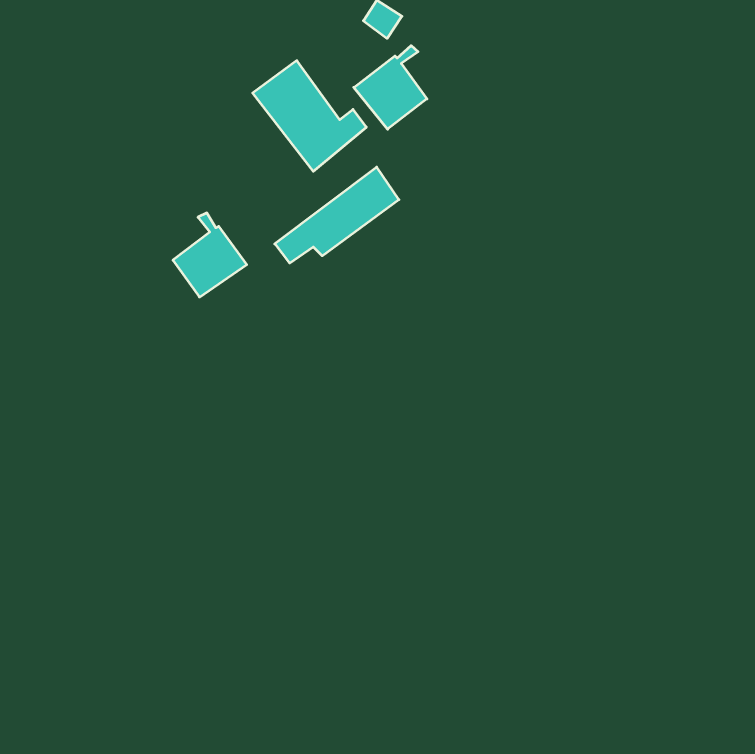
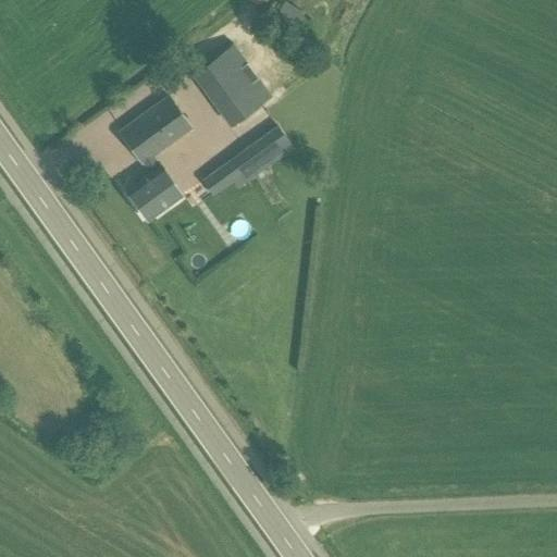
building: [354,46,427,129] -> none
building: none -> [119,96,193,163]

